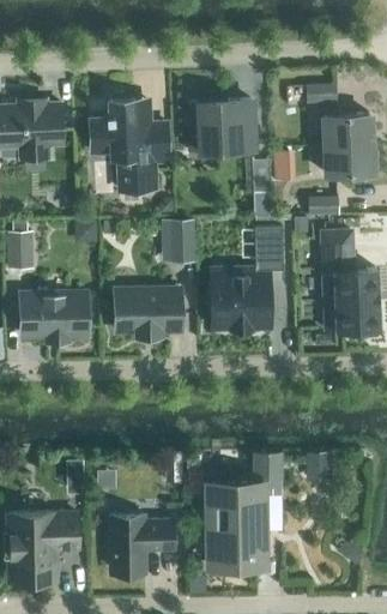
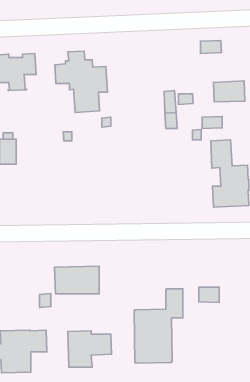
building: [187,101,254,152] -> none
building: [323,114,370,148] -> none
building: [173,219,194,263] -> none
building: [210,228,283,327] -> none
building: [114,290,180,331] -> [55,266,99,294]
building: [20,295,86,336] -> none

